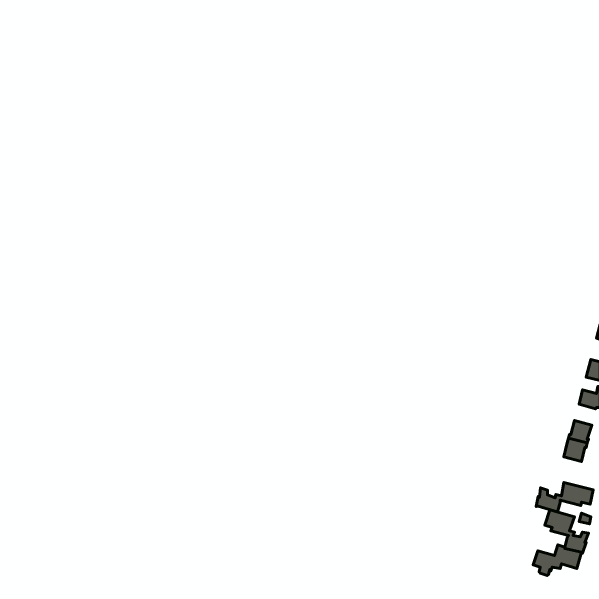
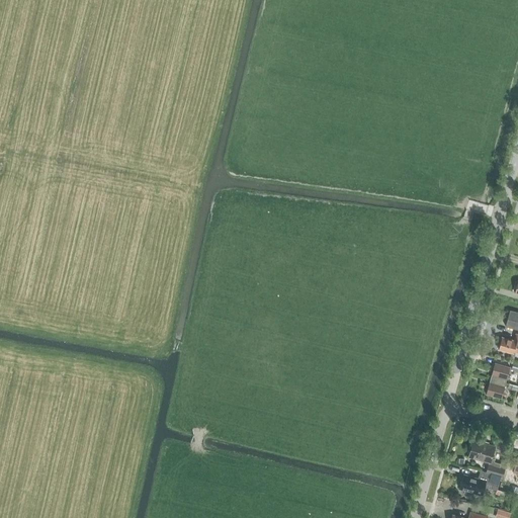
building: [536,483,593,512] -> none

